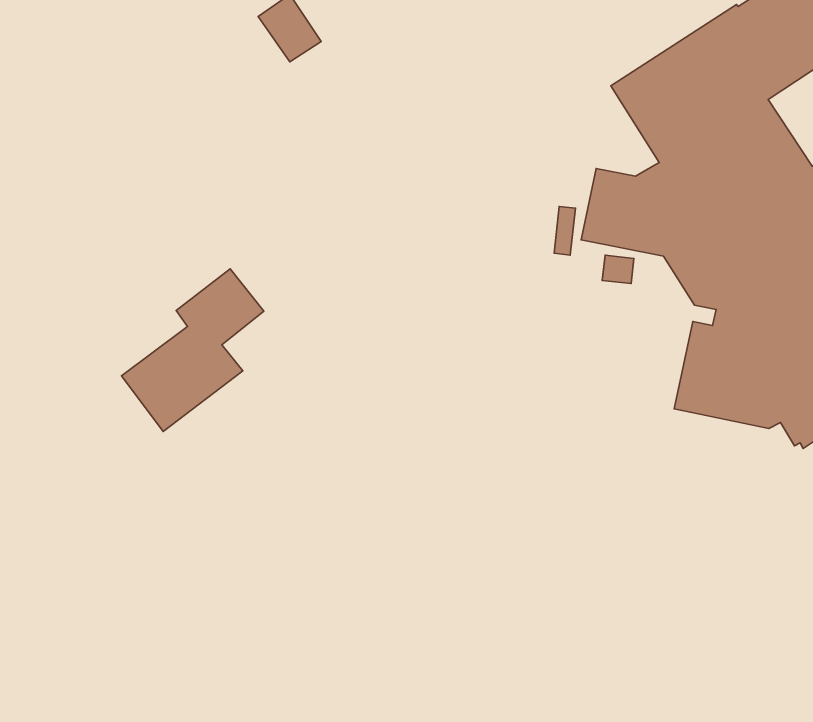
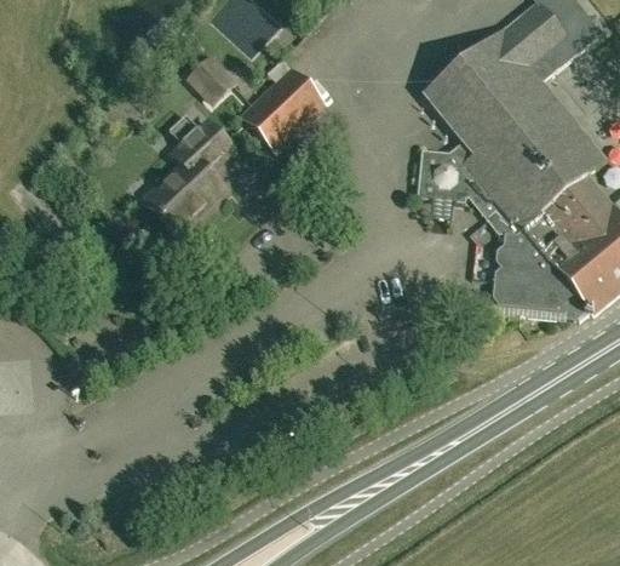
building: none -> [241,64,327,149]
building: [122,269,264,432] -> [144,120,234,233]

